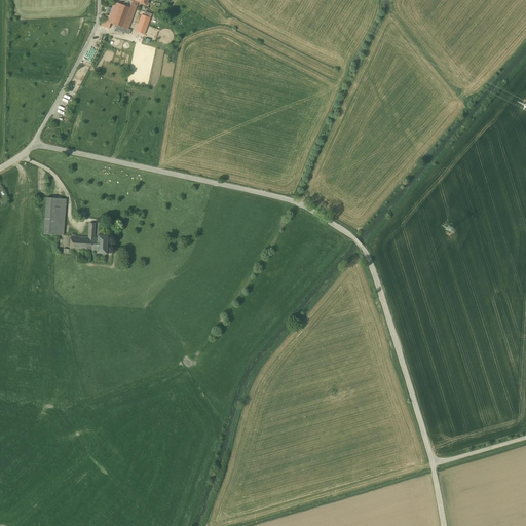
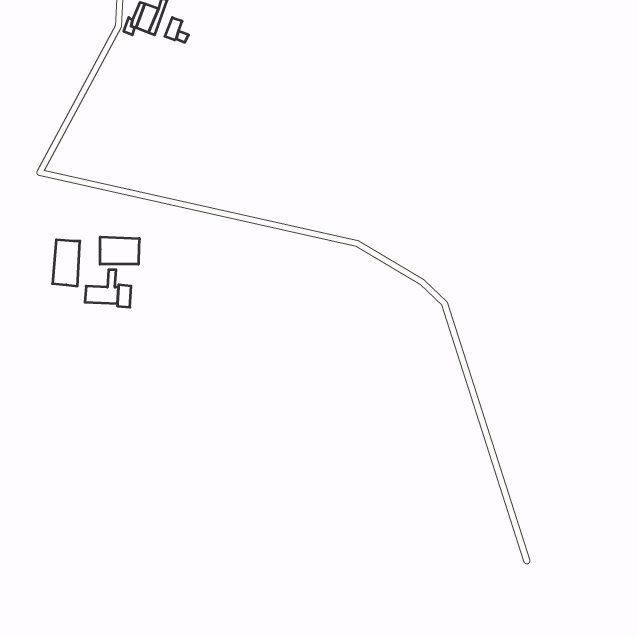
building: none -> [100,237,139,264]

